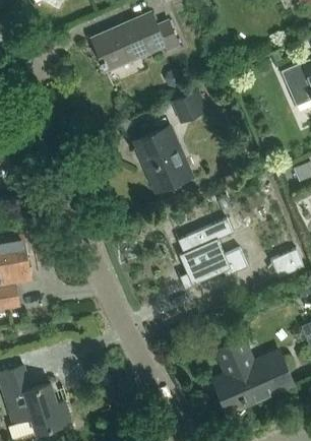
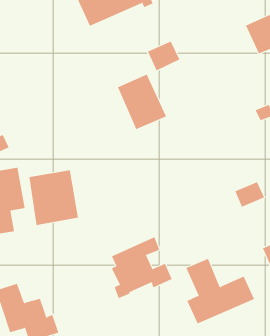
building: [176,218,246,290] -> [111,237,173,299]
building: none -> [29,170,79,226]

